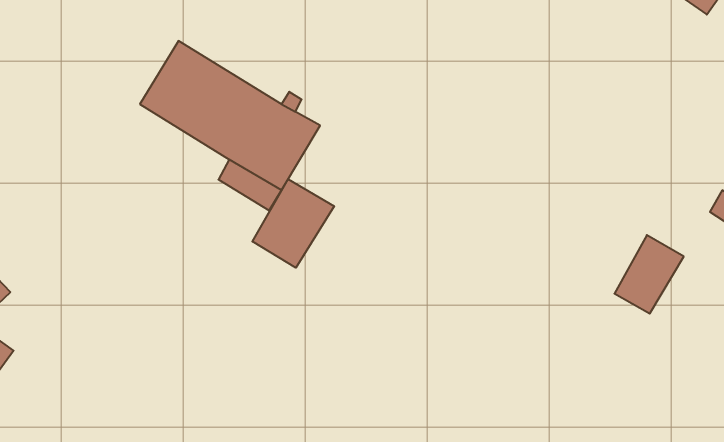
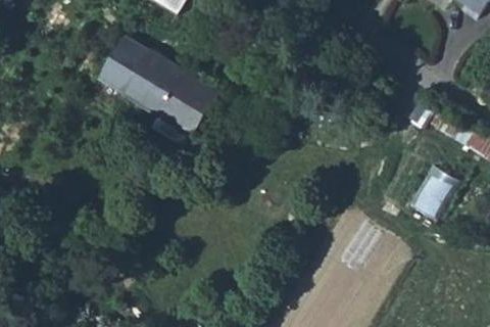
building: [252,179,334,268] -> none

